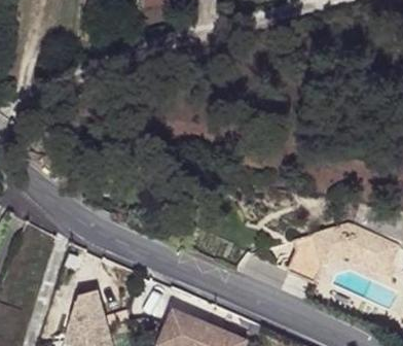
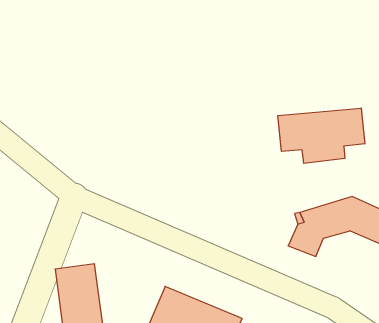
building: none -> [278,108,365,163]

